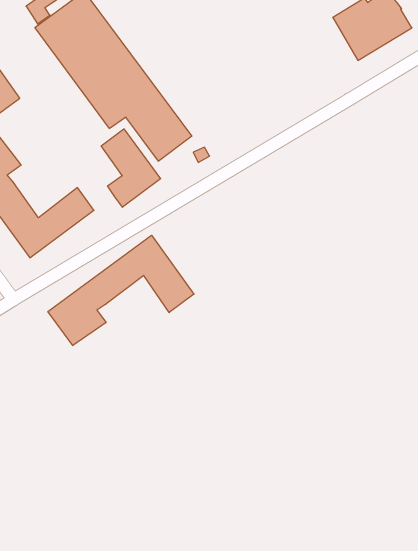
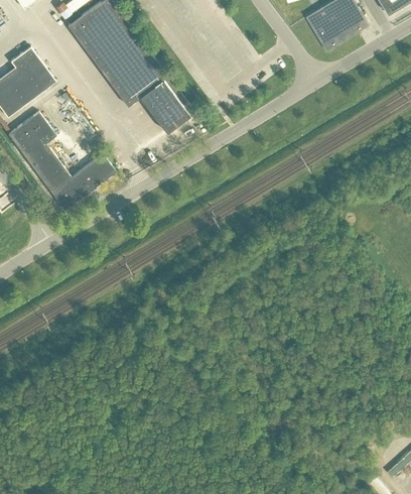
building: [101,129,161,207] -> none
building: [48,235,194,346] -> none

